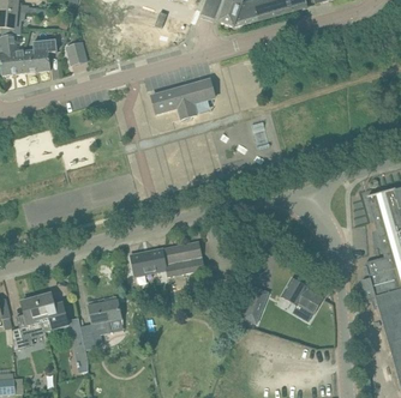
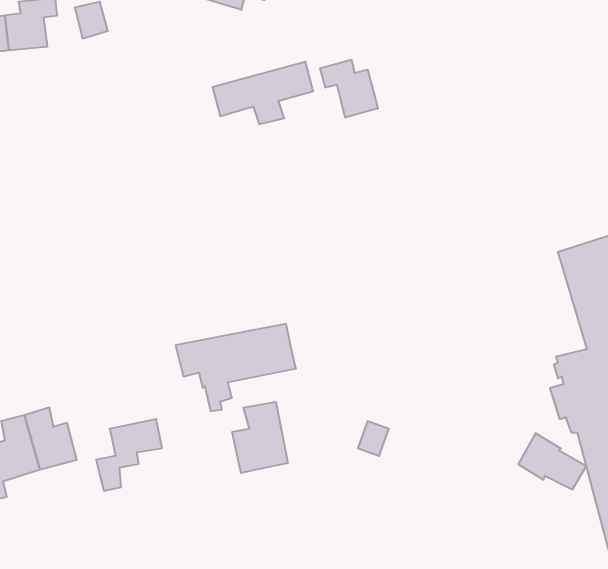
building: none -> [320,60,378,118]
building: [280,277,322,312] -> [518,433,586,489]
building: none -> [232,402,288,473]

